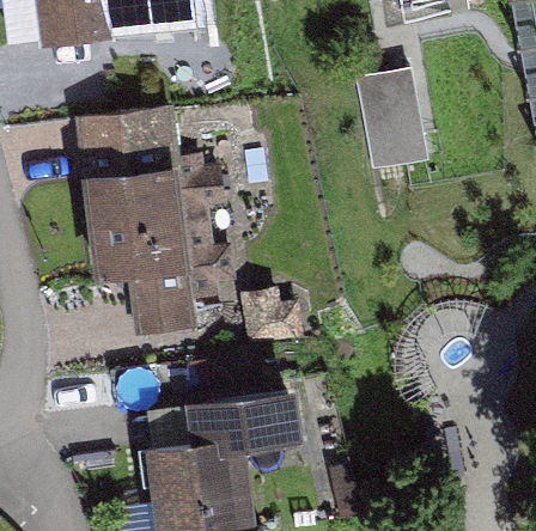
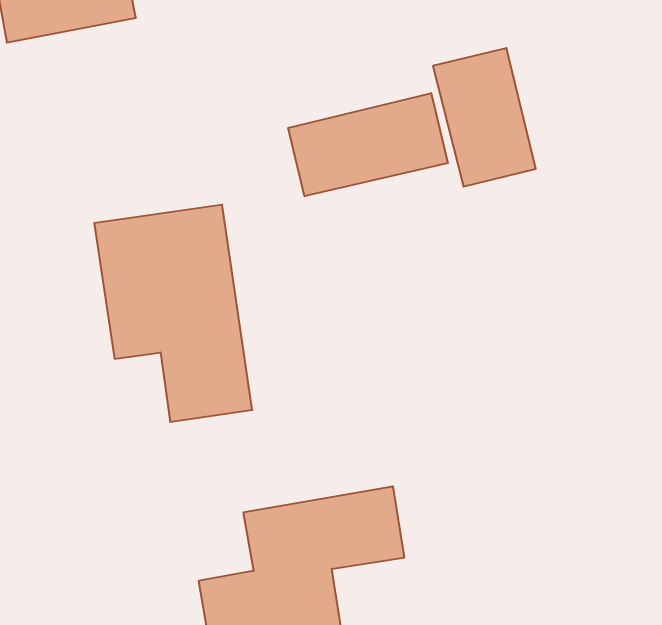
building: none -> [288,93,448,196]

